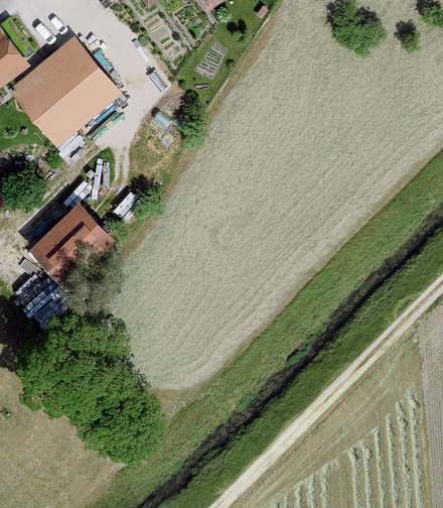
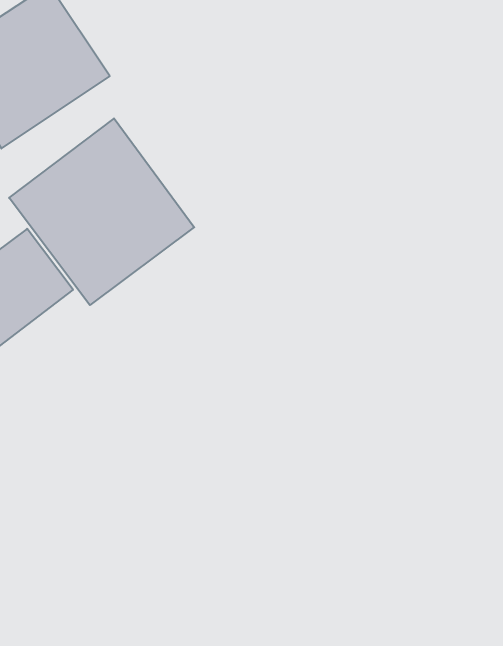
building: none -> [9,118,194,305]

